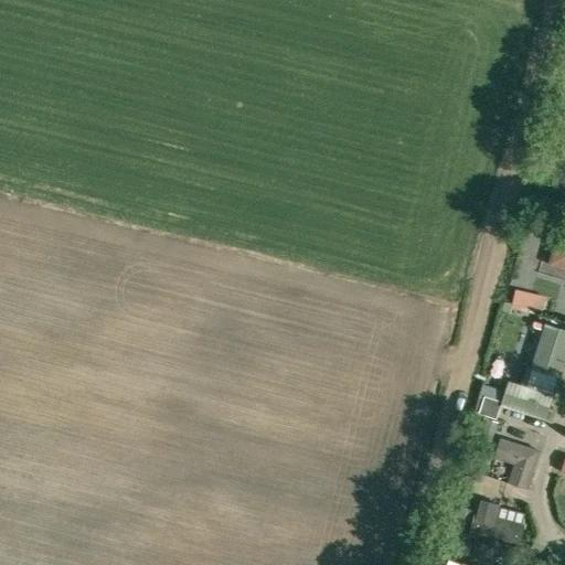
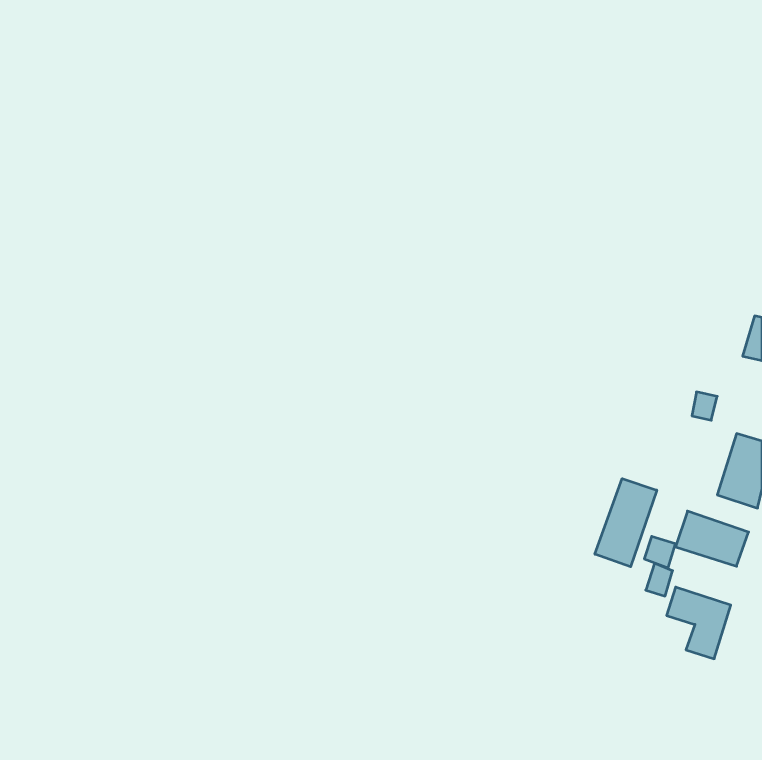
building: none -> [595,479,657,567]
building: [469,498,525,545] -> none

